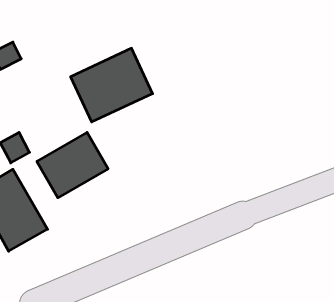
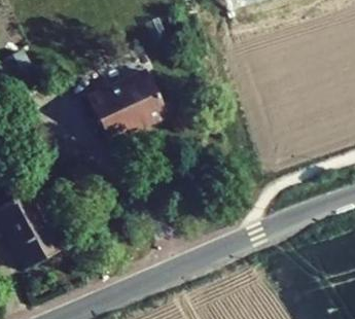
building: [37,132,108,198] -> none

